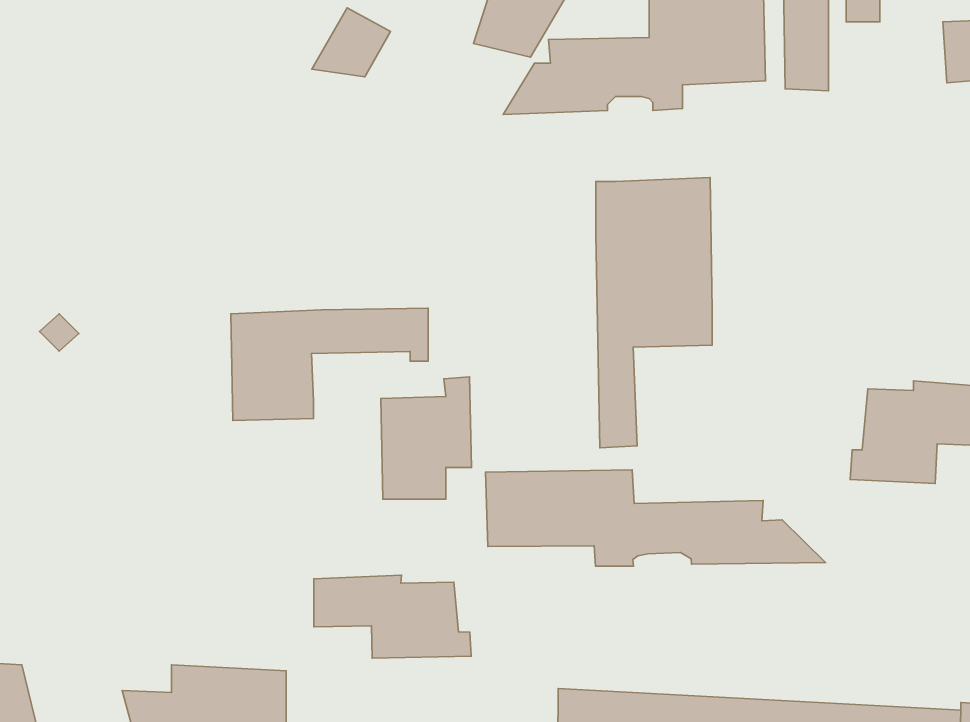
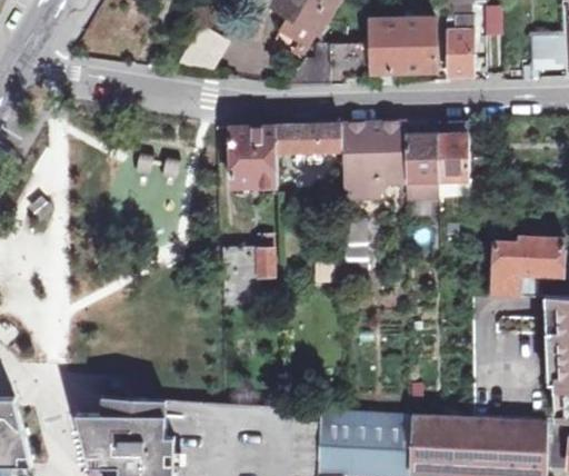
building: none -> [406,121,471,197]
building: [231,308,428,420] -> [230,125,341,188]
building: [485,470,826,566] -> none
building: [314,575,471,658] -> none

